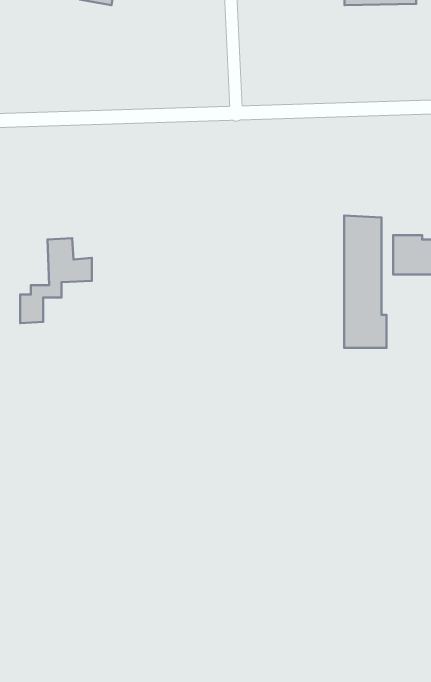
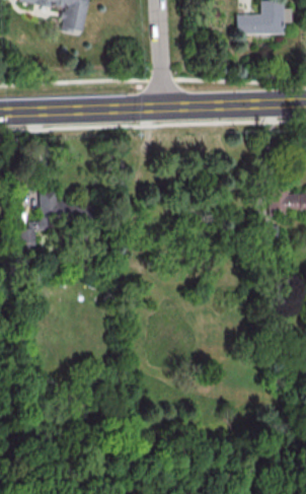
building: [344,216,386,348] -> none

